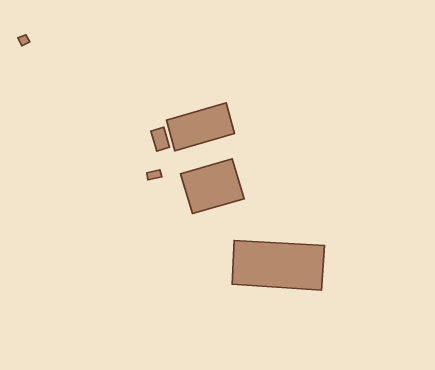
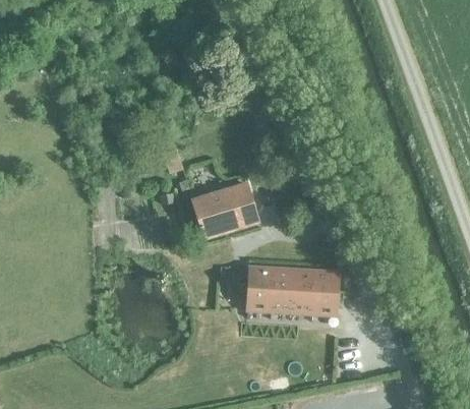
building: [167,103,235,151] -> none

